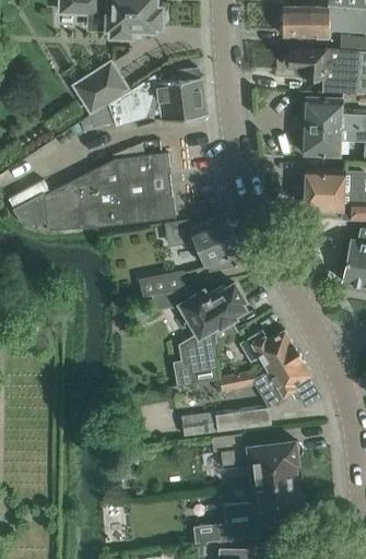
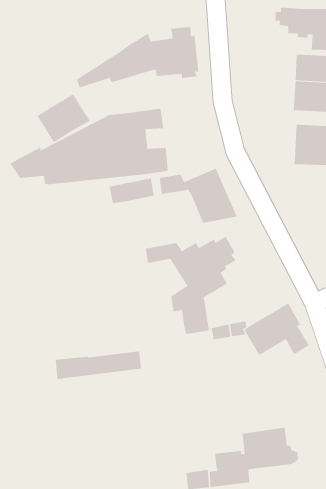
building: [73,62,129,114] -> [36,93,91,143]
building: [139,271,186,297] -> [109,178,155,203]
building: [240,330,299,370] -> none
building: [181,406,271,436] -> [55,351,142,380]
building: [206,435,303,486] -> none

